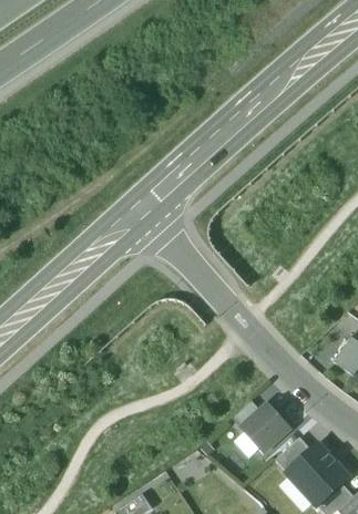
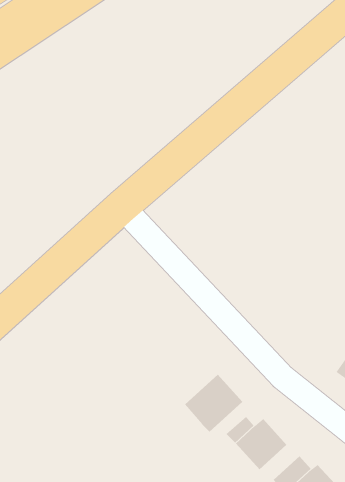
building: none -> [184,374,243,433]

